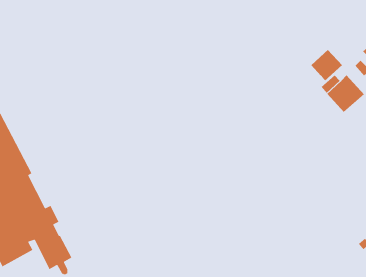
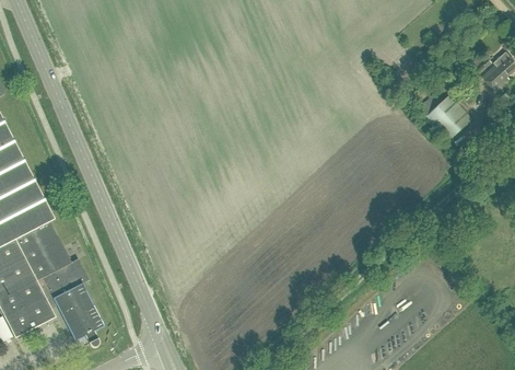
building: [311,49,343,81] -> none

